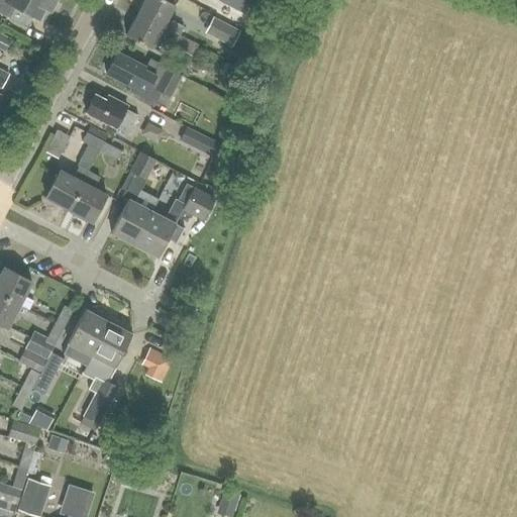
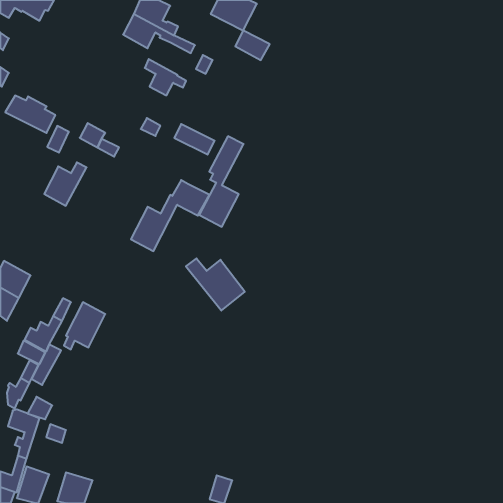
building: [205,17,240,47] -> [235,31,270,60]
building: [106,54,156,88] -> none
building: [85,96,136,134] -> [5,96,55,133]
building: [111,152,157,245] -> [199,136,244,227]
building: [68,172,106,223] -> none
building: none -> [186,258,245,311]
building: [80,322,131,431] -> none
building: [139,346,176,383] -> none

